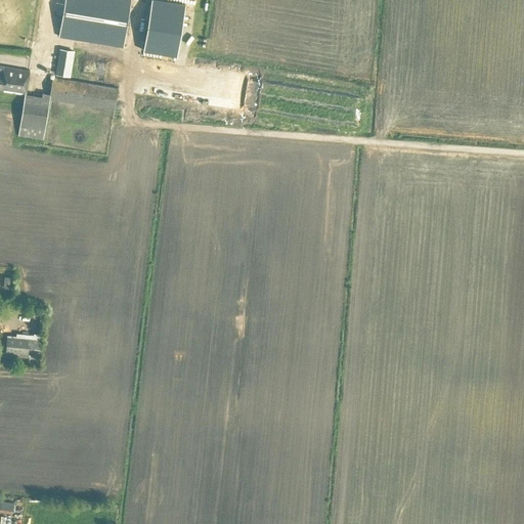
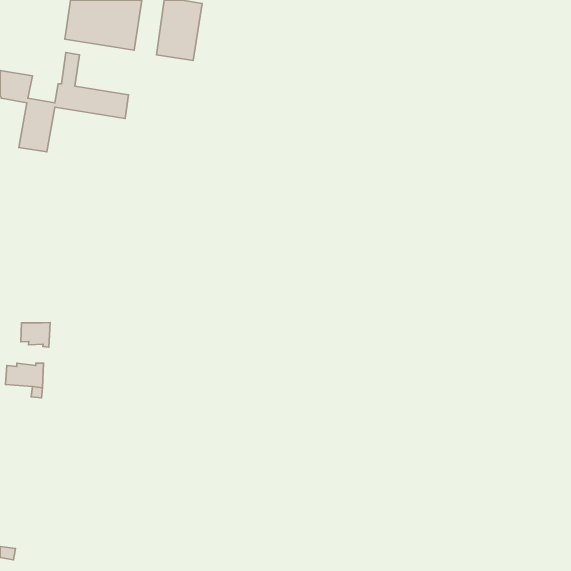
building: none -> [21,322,50,347]

